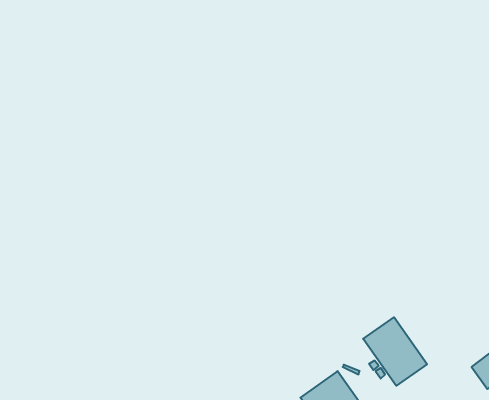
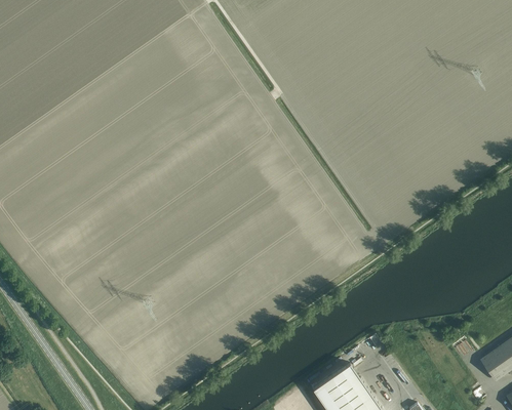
building: [363,317,427,386] -> none

